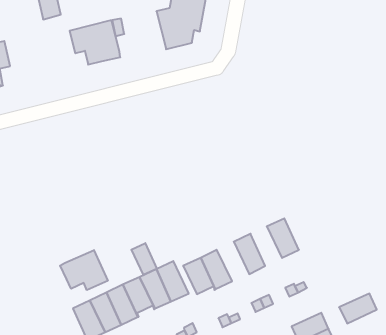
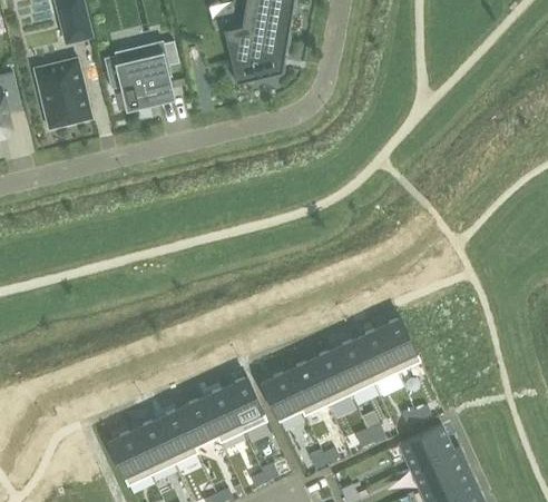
building: none -> [35,58,92,128]
building: none -> [354,328,398,383]
building: none -> [307,350,352,404]
building: [131,243,157,275] -> none
building: [60,250,108,290] -> none
building: [339,294,377,323] -> [400,425,452,466]

